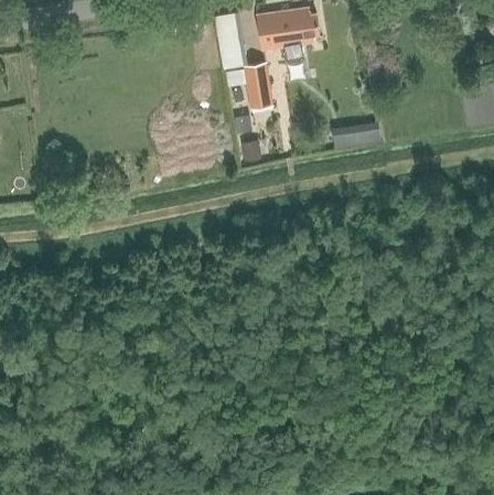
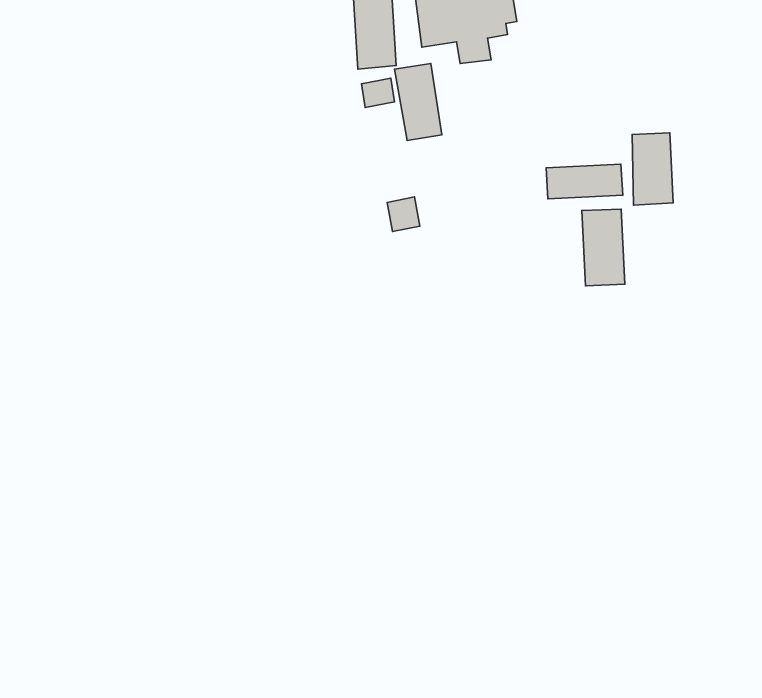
building: none -> [632,133,673,205]
building: none -> [582,209,625,286]

